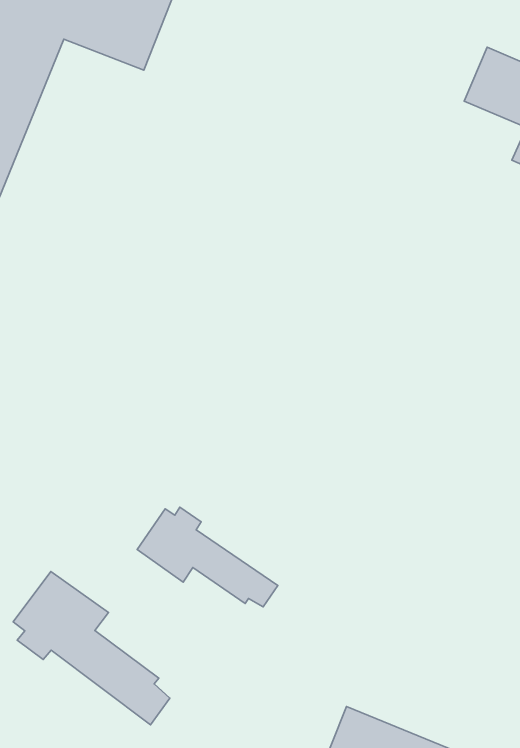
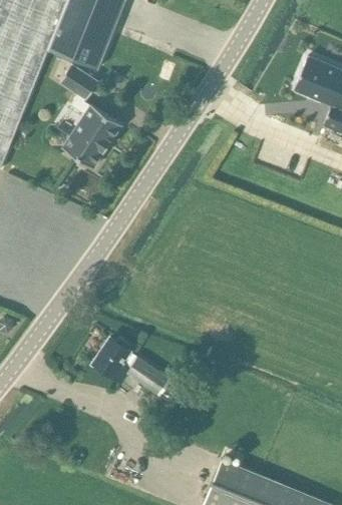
building: none -> [59,64,121,167]
building: [13,571,170,725] -> none

